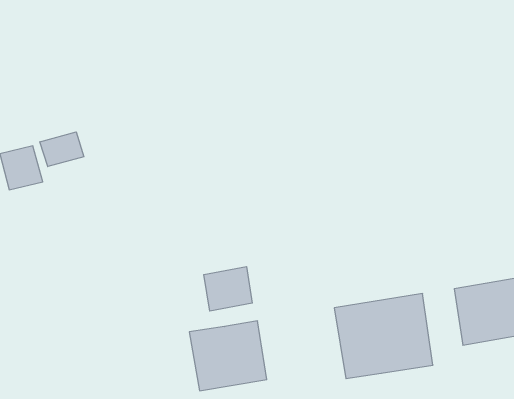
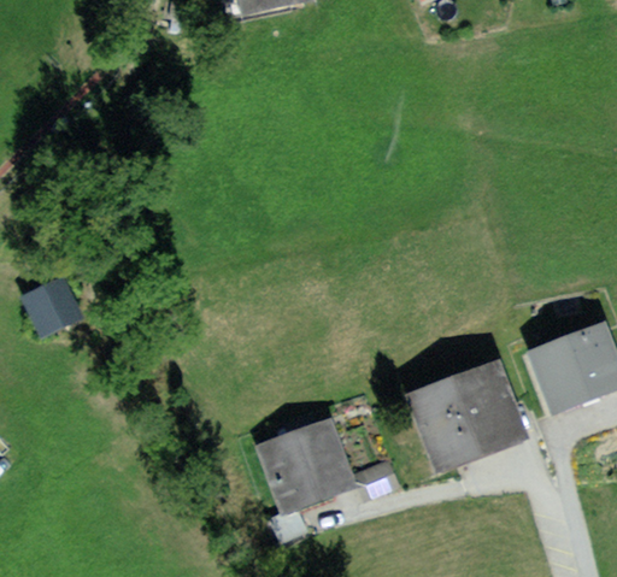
building: [40,132,84,167] -> none
building: [204,267,252,311] -> none

